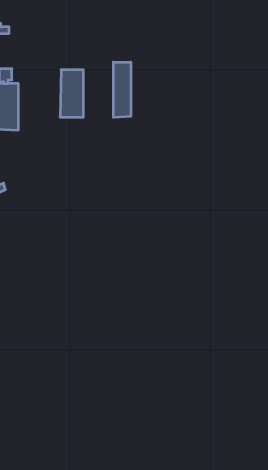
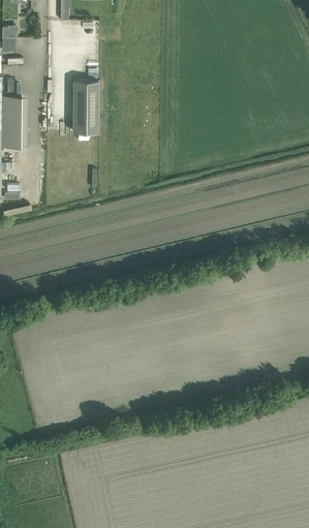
building: [113,62,131,117] -> none

